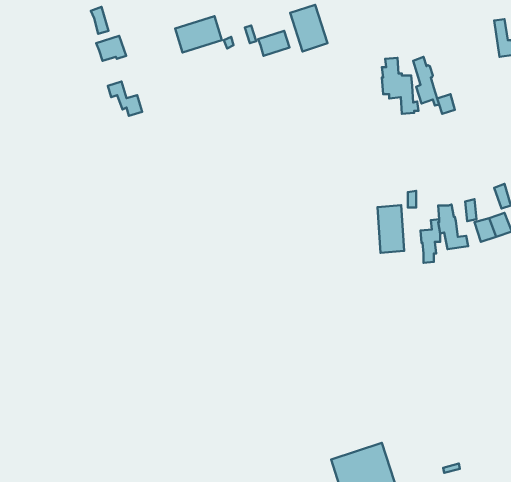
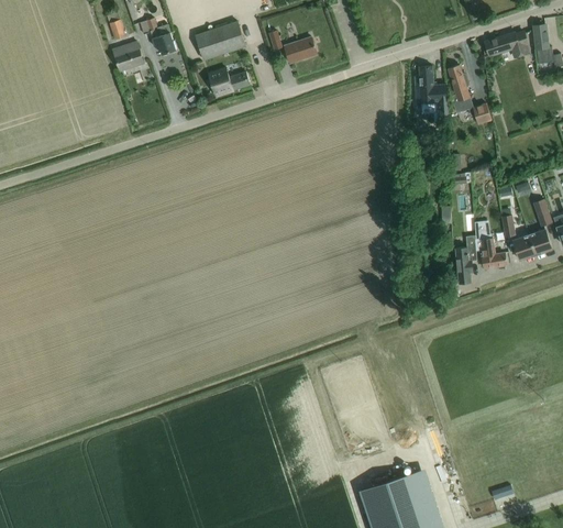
building: [290,5,327,52] -> none
building: none -> [485,32,528,56]
building: none -> [209,68,250,95]
building: [108,82,142,116] -> [140,18,176,54]
building: [377,205,404,253] -> none

